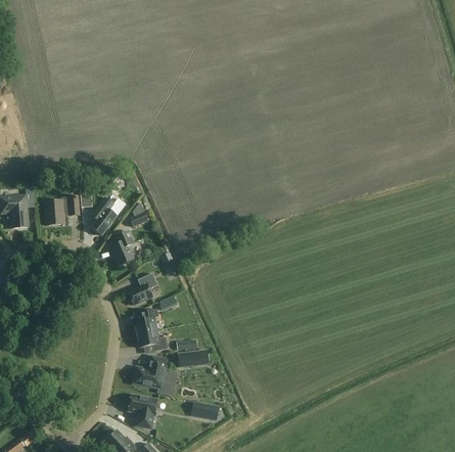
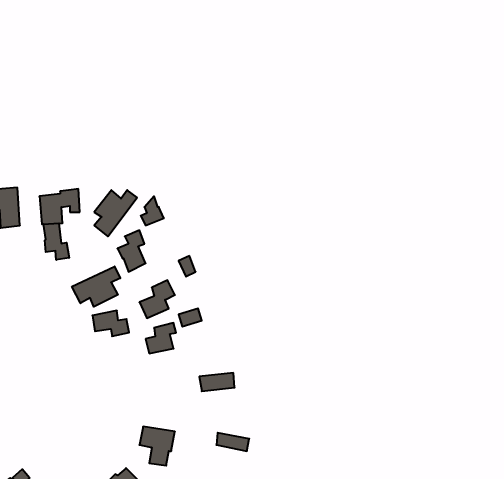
building: none -> [43,223,69,260]
building: none -> [72,266,120,307]
building: [136,329,167,351] -> [92,311,129,336]
building: [133,355,175,392] -> none

